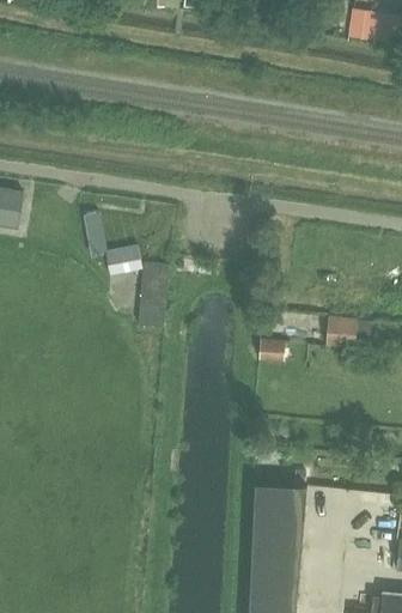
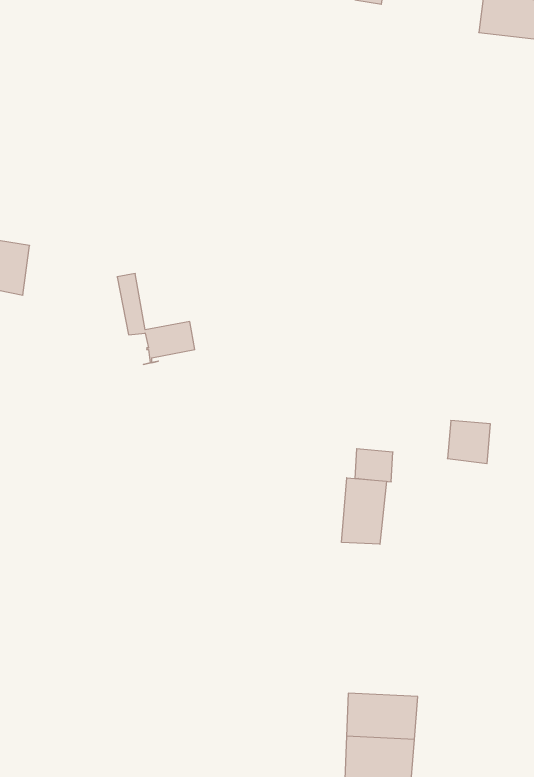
building: [138,262,170,327] -> none
building: none -> [342,478,386,544]
building: [254,484,307,518] -> none

